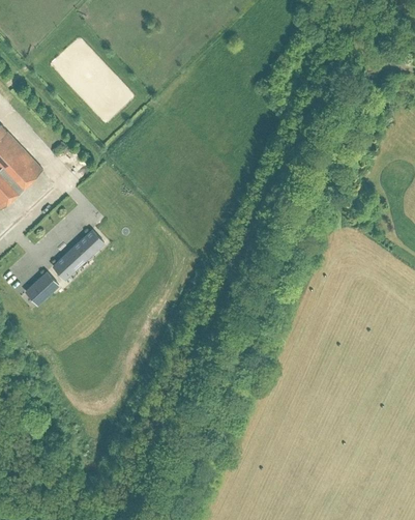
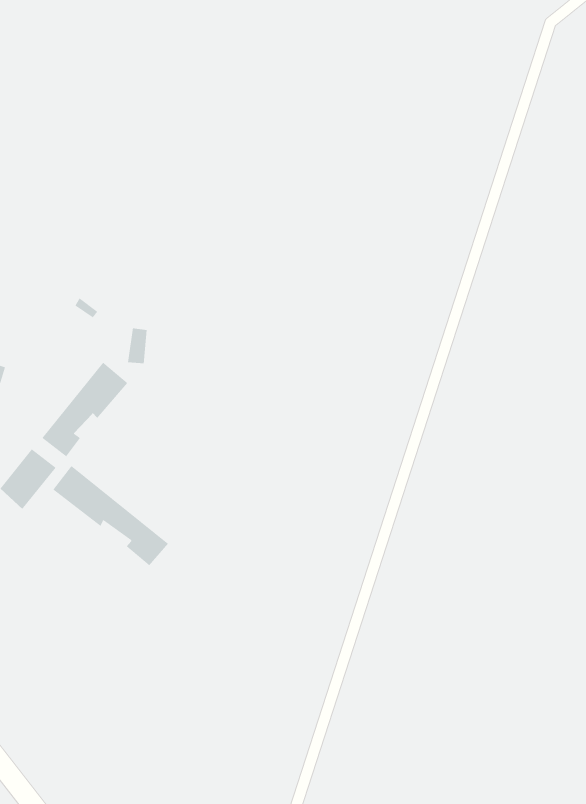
building: none -> [52,465,169,566]

